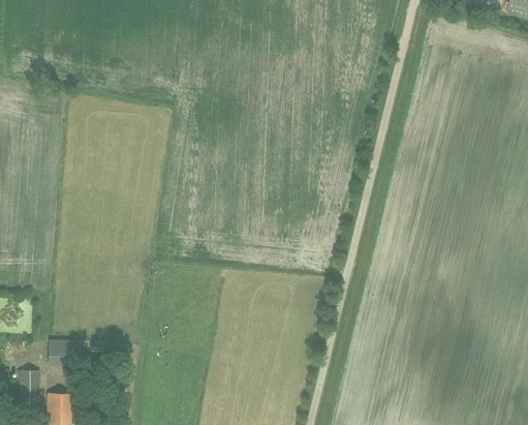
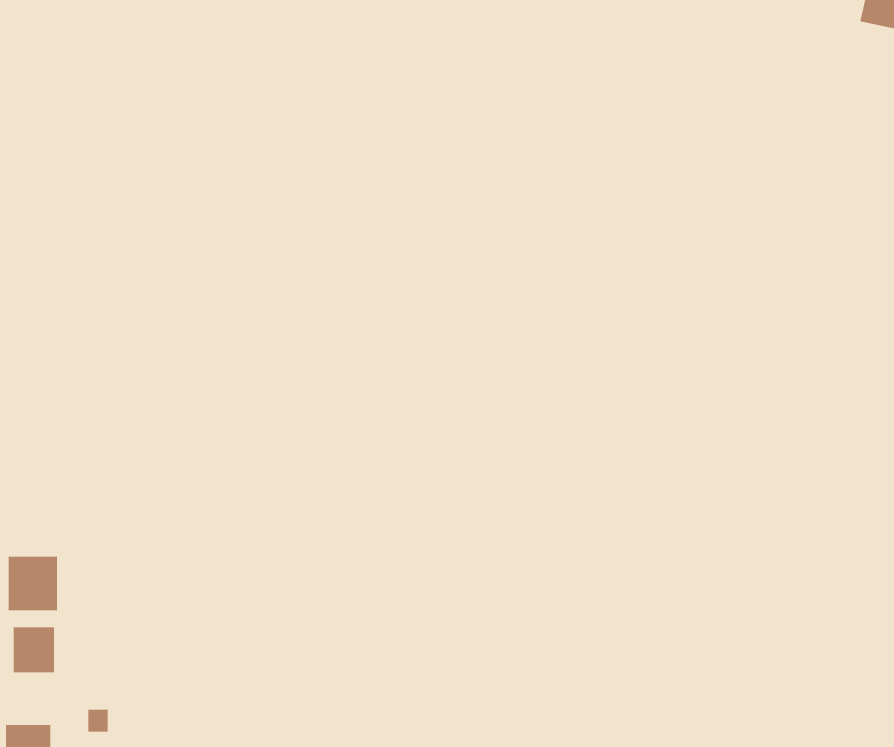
building: none -> [8,556,58,611]

